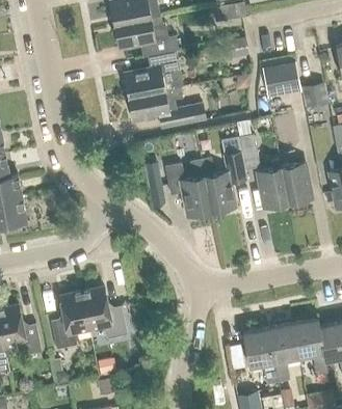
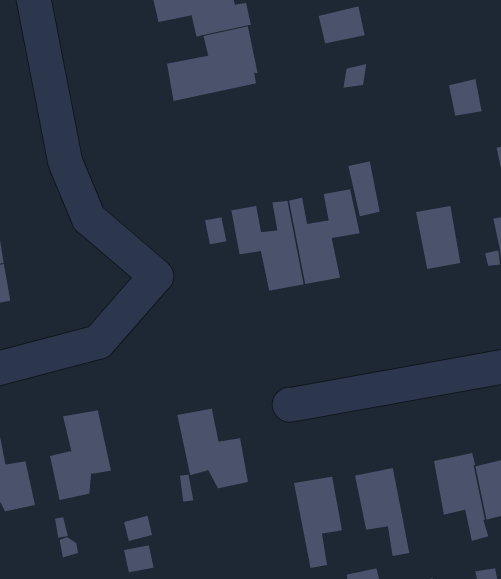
building: [262,62,299,93] -> none
building: [128,86,205,128] -> none
building: [258,159,288,209] -> none
building: [81,288,127,338] -> [176,408,249,489]
building: [267,324,298,382] -> [293,476,343,568]

